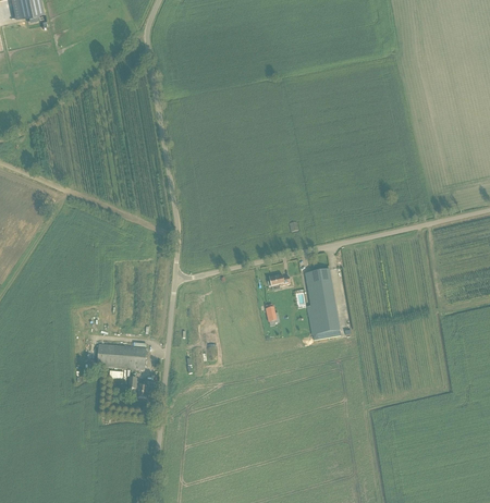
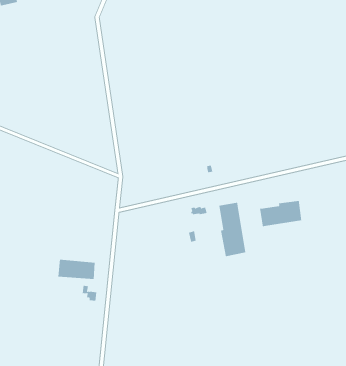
building: none -> [260,200,302,227]

